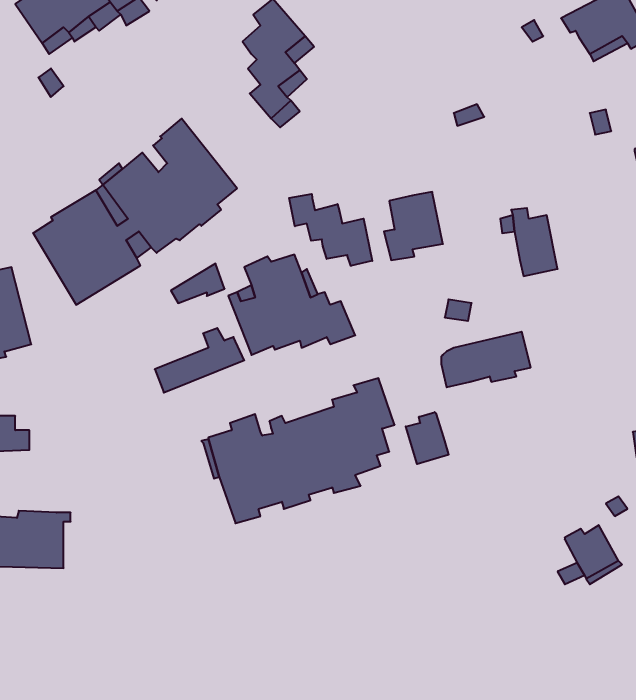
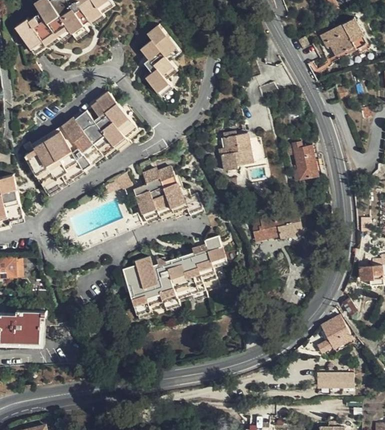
building: [289,194,372,266] -> none
building: [406,412,449,464] -> none
building: none -> [316,370,353,387]

